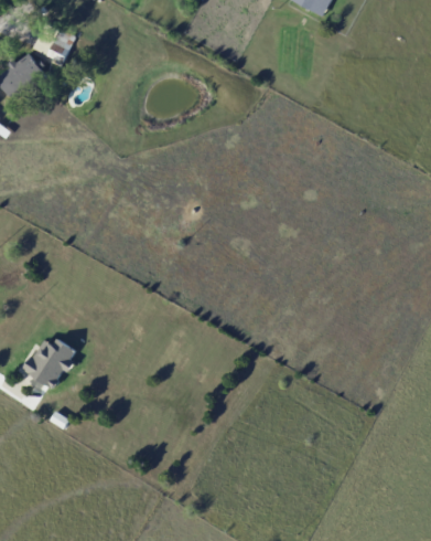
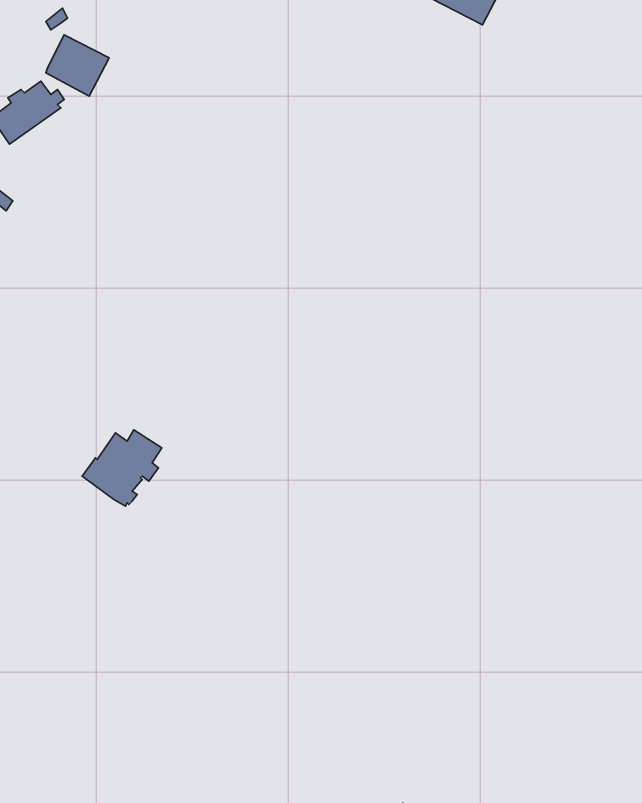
building: [23,338,76,389] -> [82,430,162,506]

